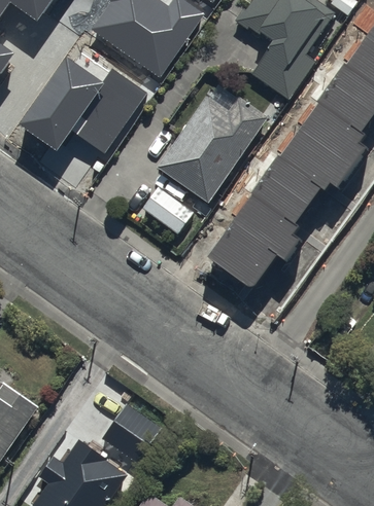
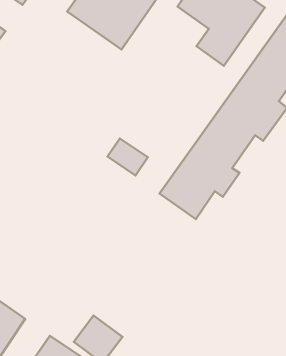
building: [18,55,145,152] -> none
building: [158,96,268,209] -> none

